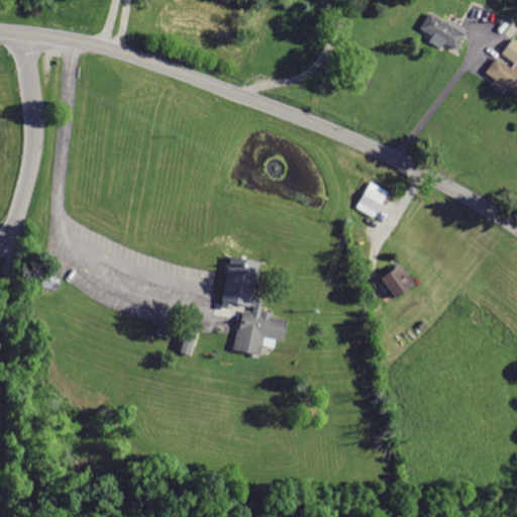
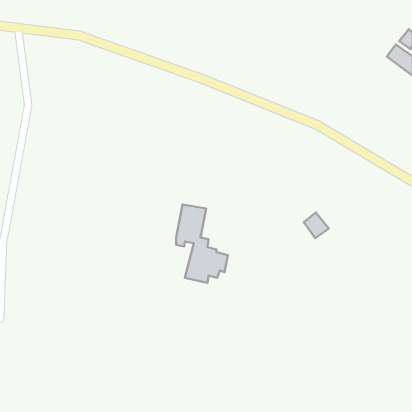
building: [420,11,467,50] -> none
building: [356,181,390,217] -> none

